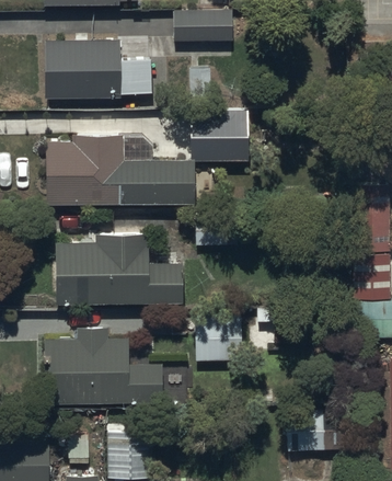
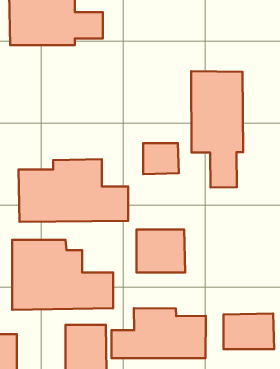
building: [44,119,244,204] -> none
building: none -> [191,71,243,187]
building: none -> [111,308,206,358]

